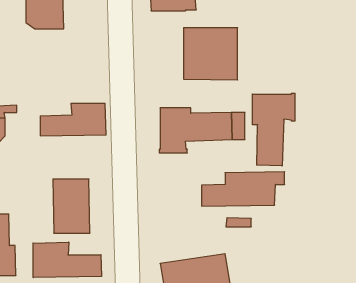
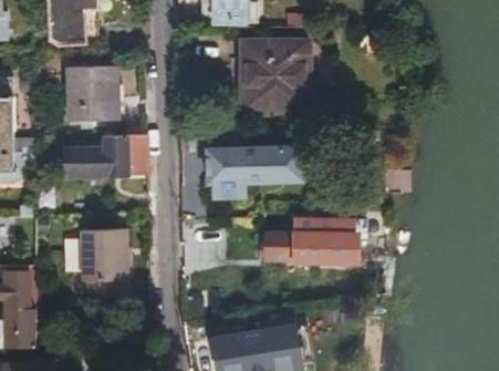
building: none -> [69,66,117,121]
building: [252,93,295,166] -> none
building: [33,242,102,278] -> none

